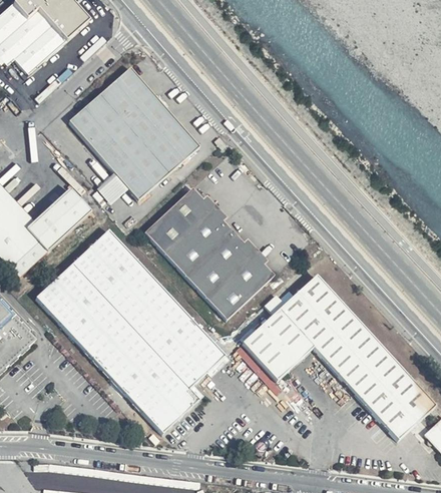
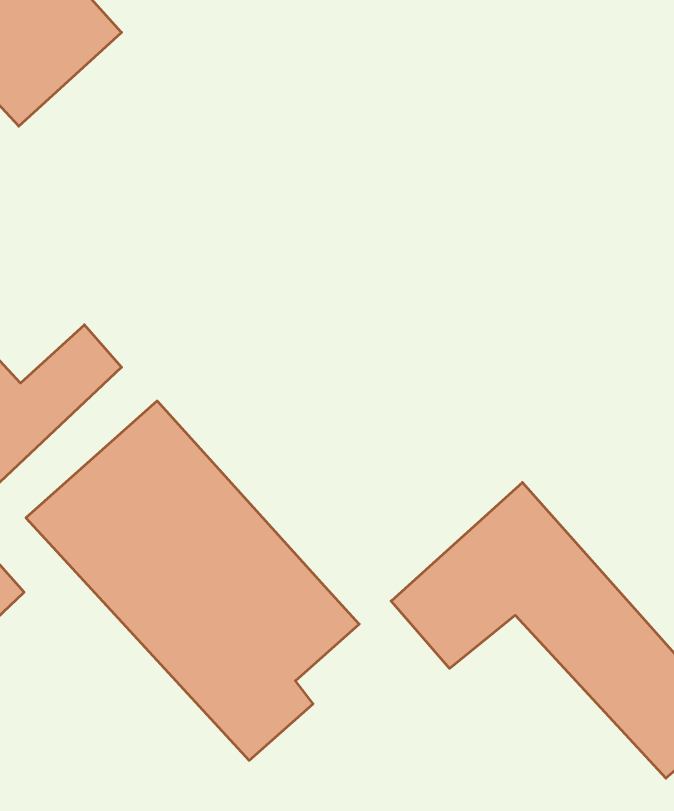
building: [69,66,199,207] -> none
building: [143,186,273,319] -> none

